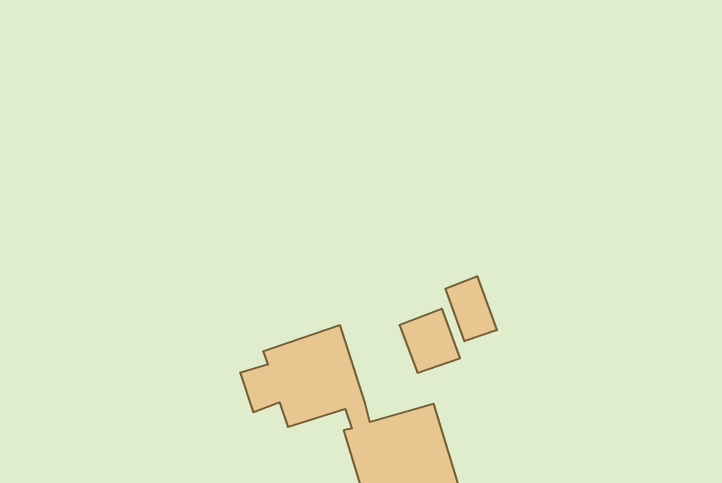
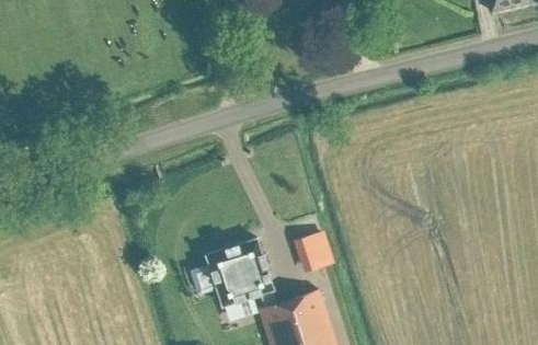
building: [445,276,497,341] -> none

